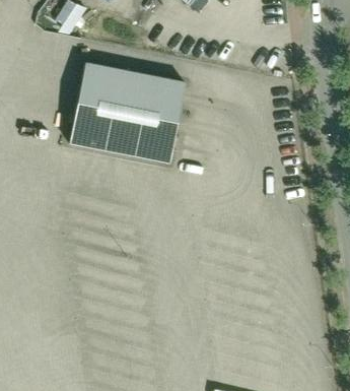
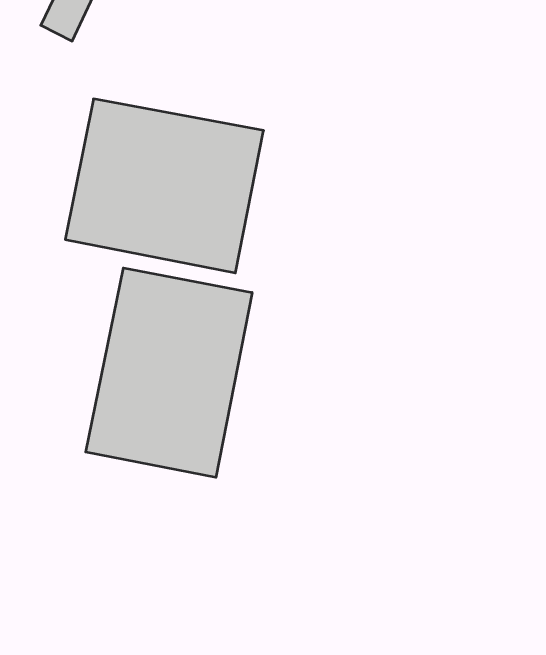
building: none -> [86,268,252,477]

